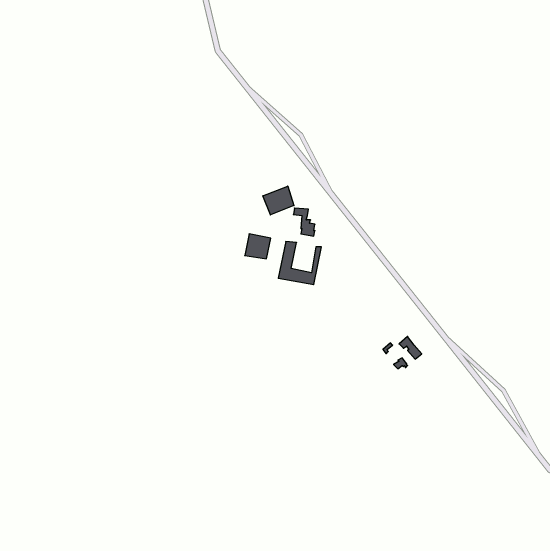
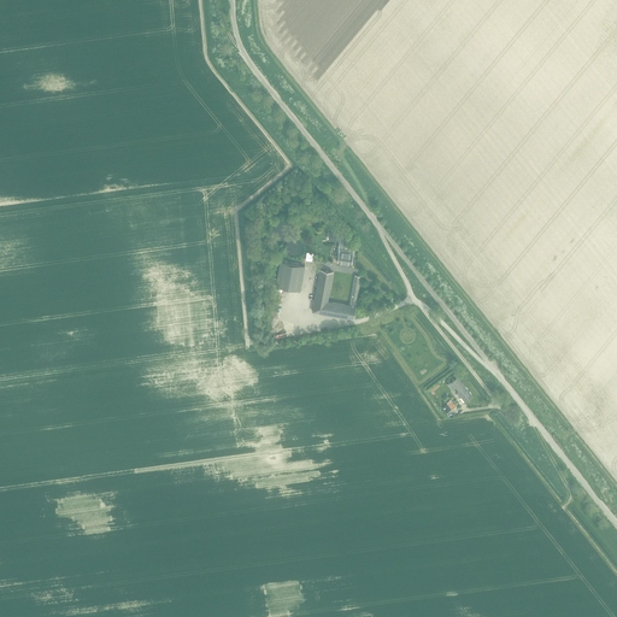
building: [263,186,294,215] -> none

